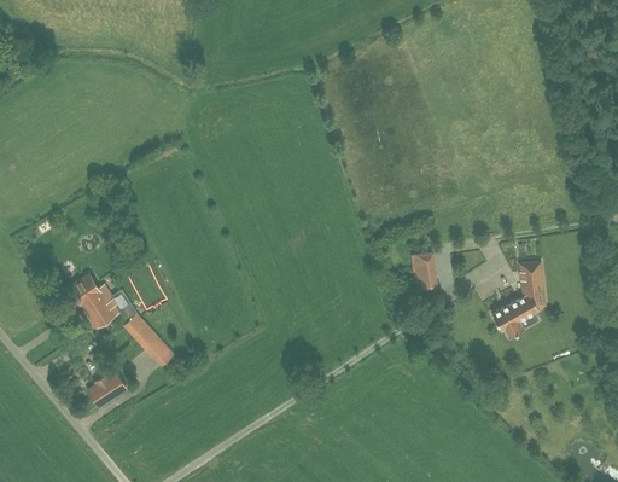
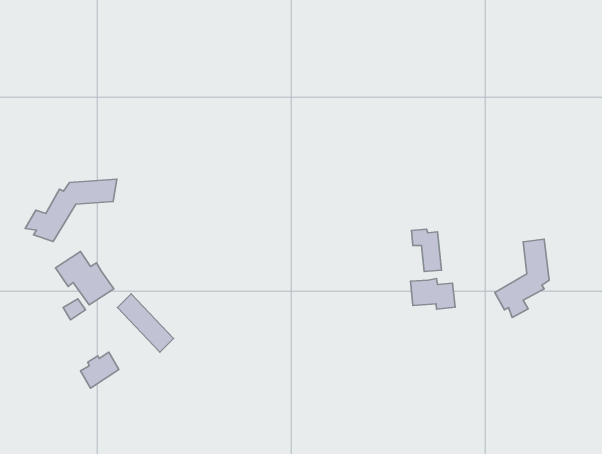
building: none -> [25,179,117,241]
building: none -> [410,279,455,309]

